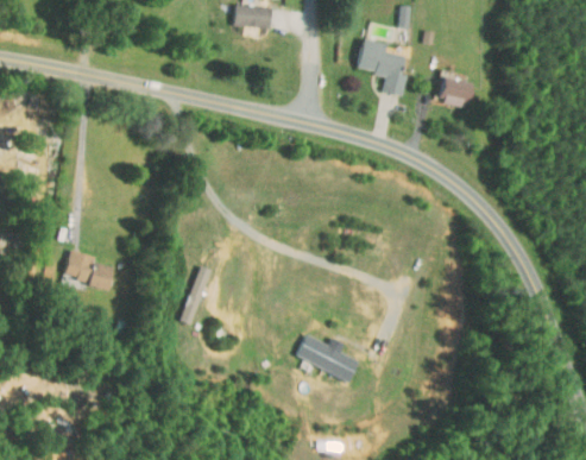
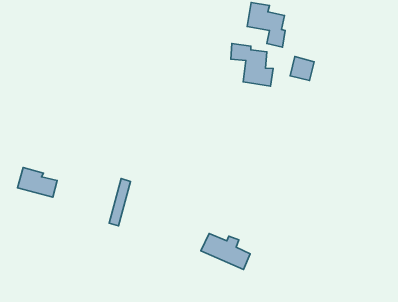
building: [437,77,468,108] -> [290,56,314,80]
building: none -> [231,44,273,86]

